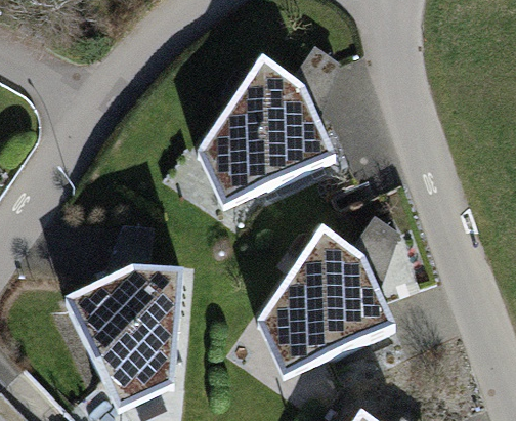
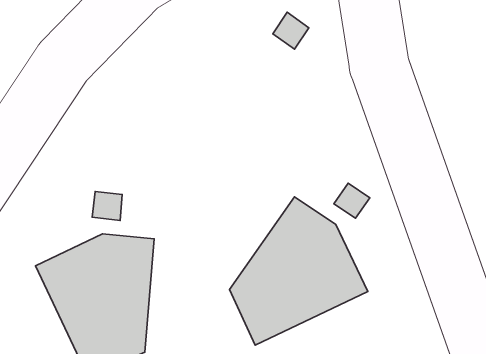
building: [199,61,335,210] -> none

